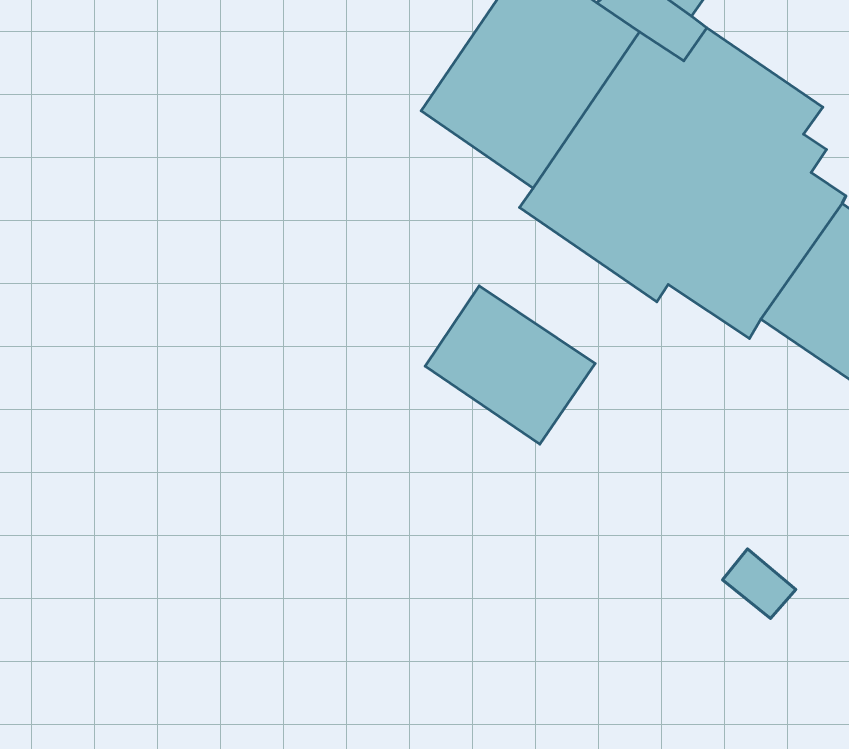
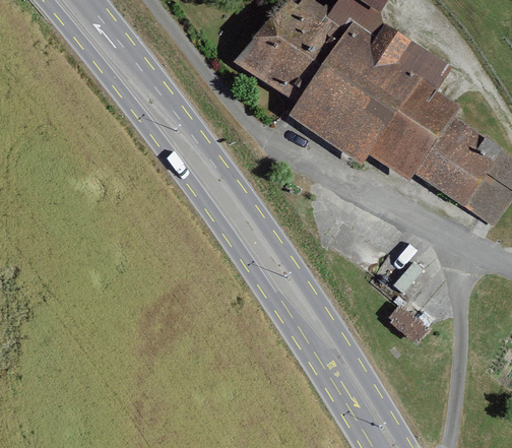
building: [425,286,595,444] -> none

